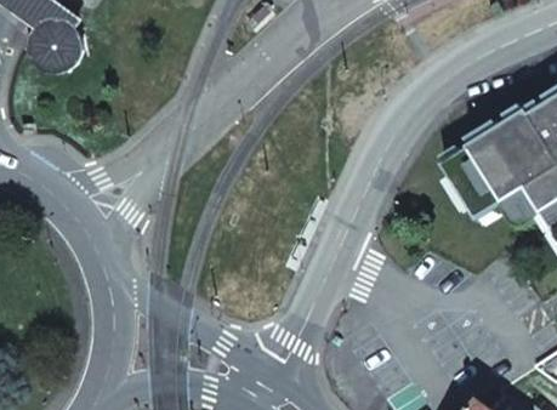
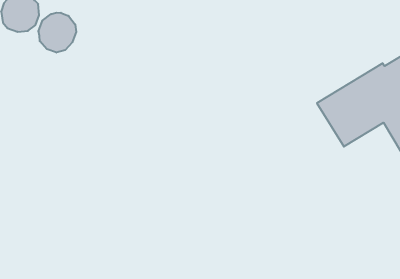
building: none -> [39,13,76,53]

